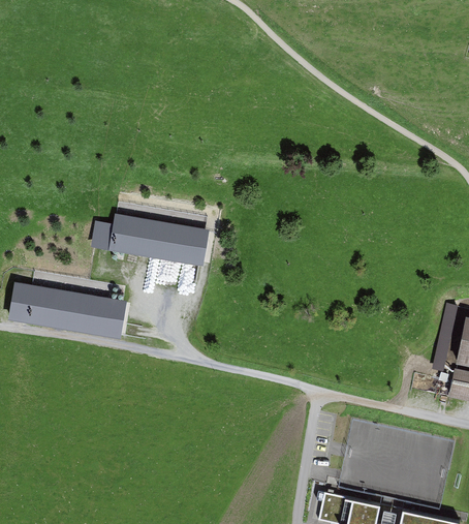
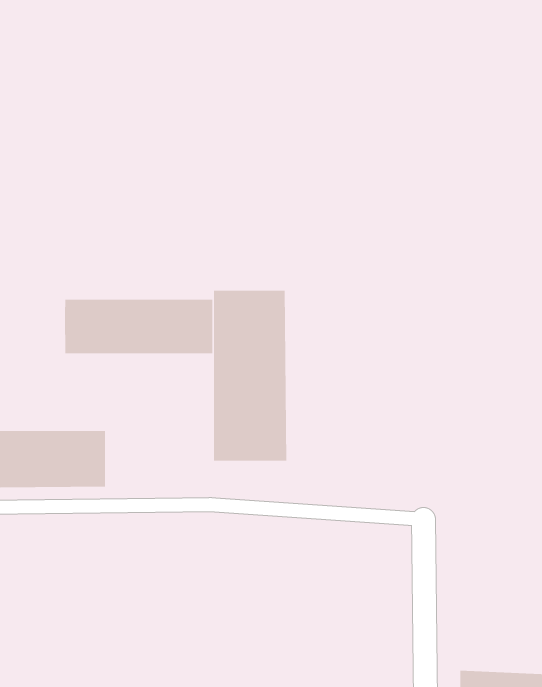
building: [92,221,114,249] -> none
building: none -> [213,290,287,462]

